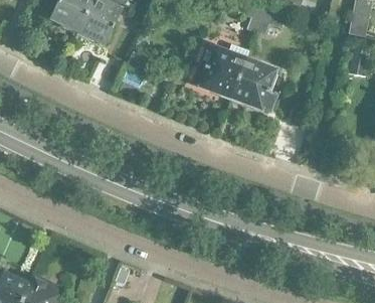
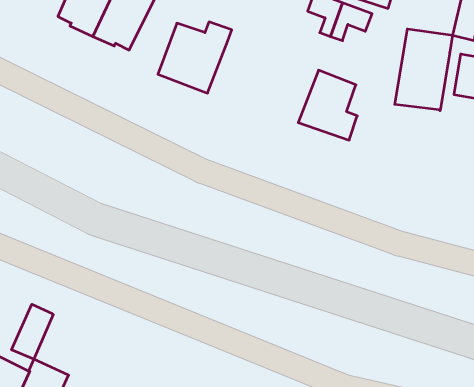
building: none -> [395,29,453,111]
building: [193,45,248,99] -> [158,22,232,93]
building: none -> [12,304,53,359]

